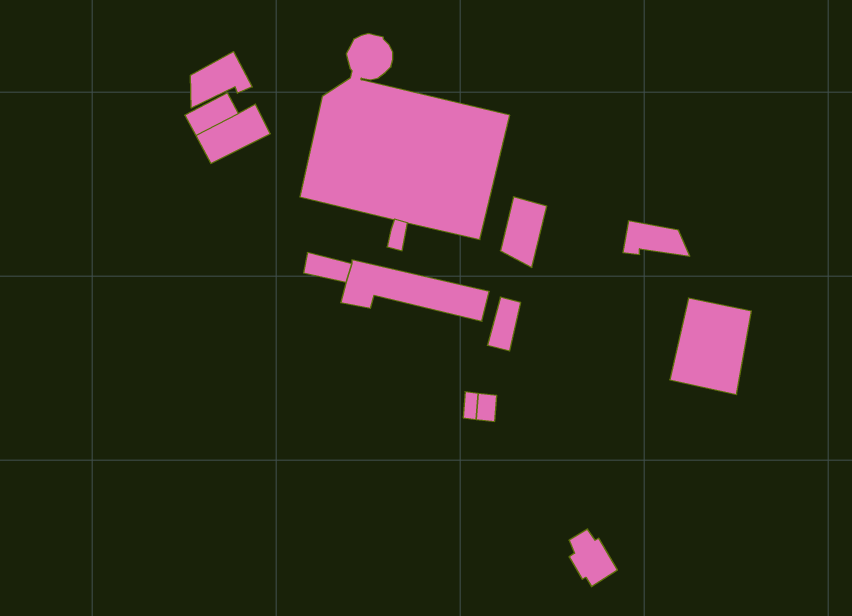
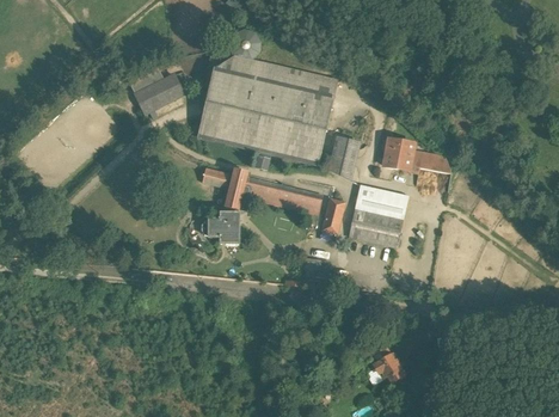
building: [191,52,252,108] -> none
building: none -> [385,137,413,170]
building: [670,298,751,395] -> [351,185,404,247]
building: none -> [202,215,239,245]

